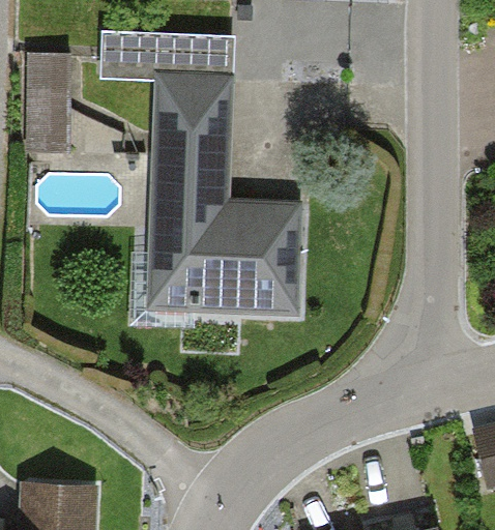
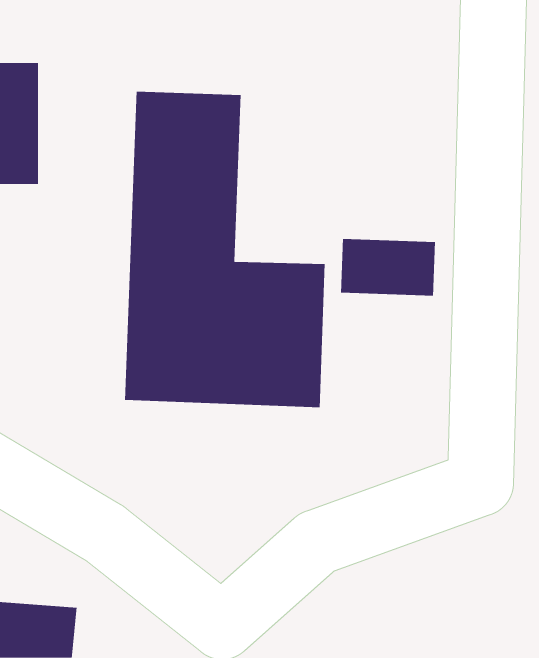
building: [95,25,234,77] -> none
building: none -> [340,238,436,297]

